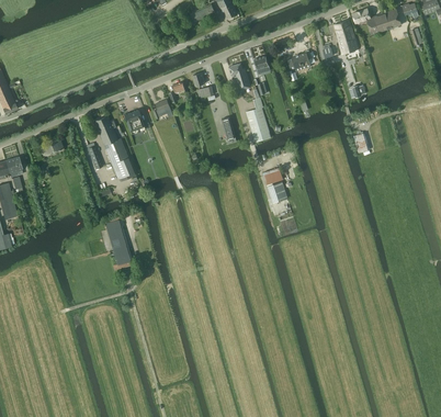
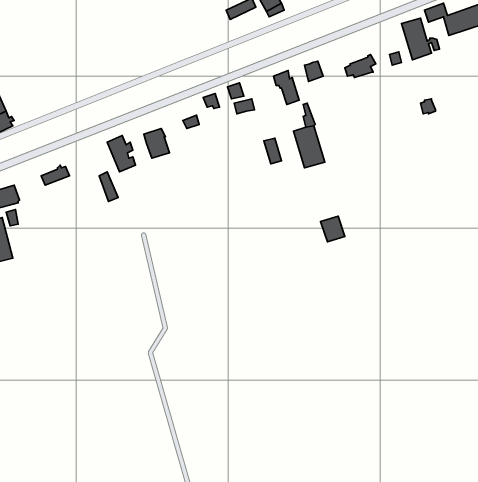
building: [103,138,134,179] -> none
building: [105,215,132,270] -> none

